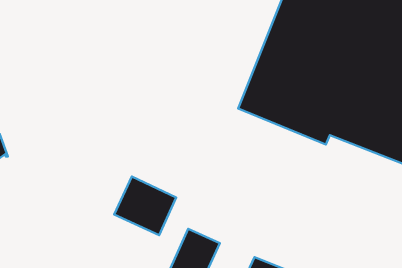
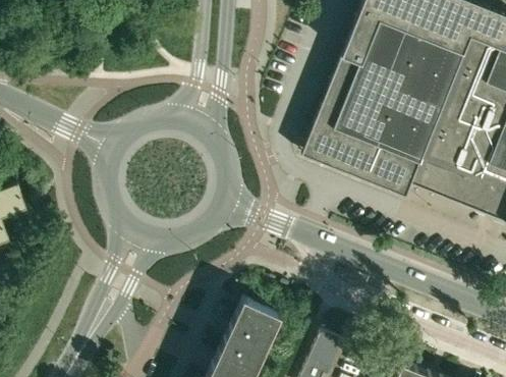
building: [114,176,176,235] -> none

